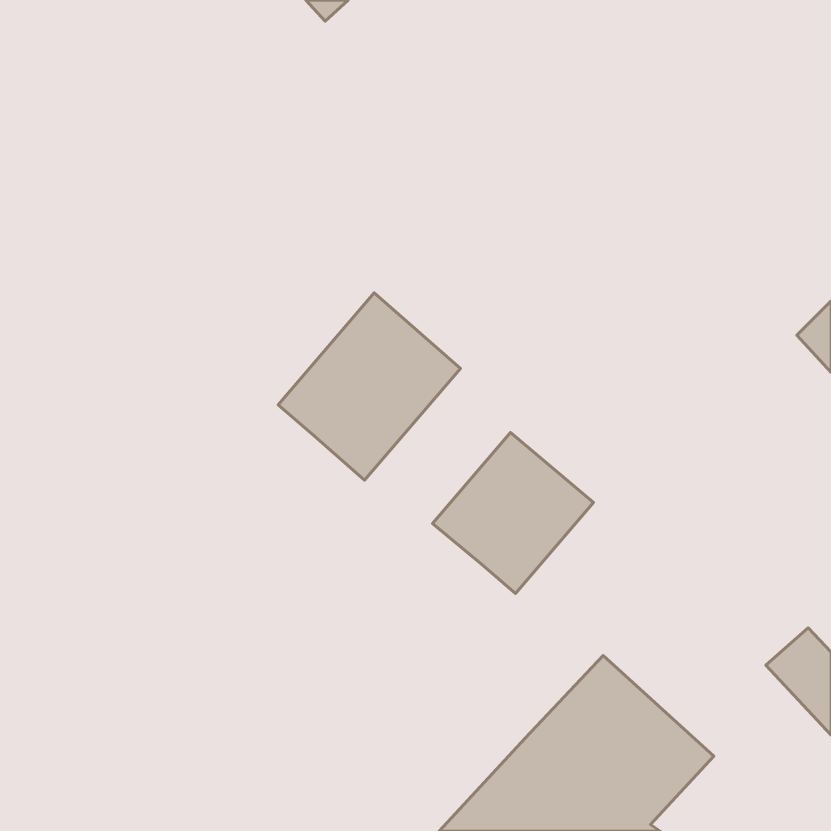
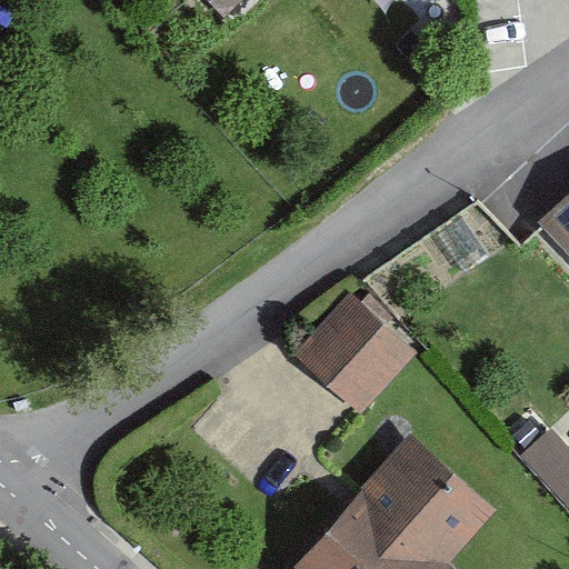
building: [278,293,460,480] -> none

